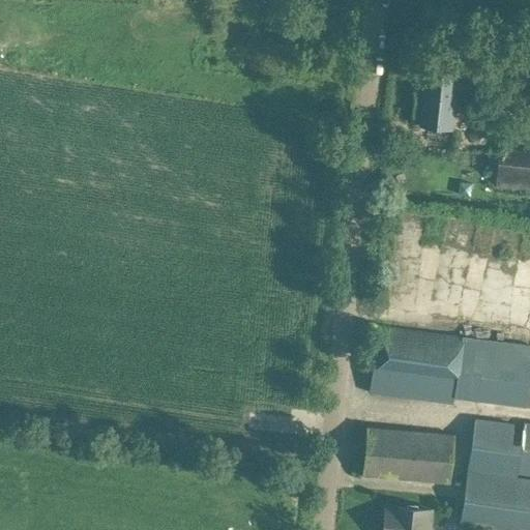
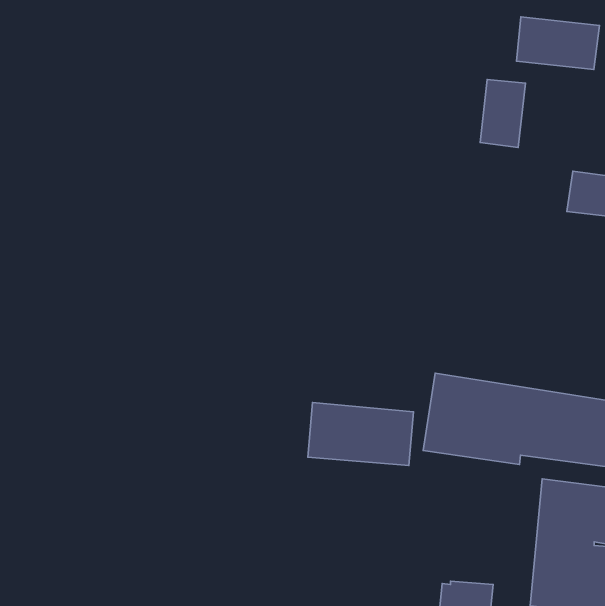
building: none -> [517,17,600,69]
building: [363,428,455,482] -> [308,402,413,465]

